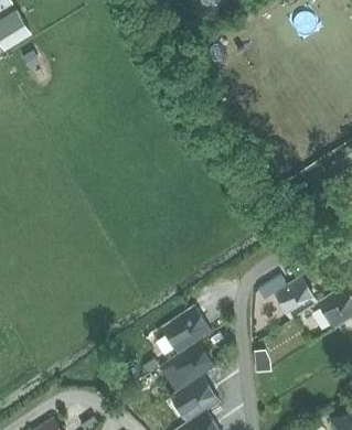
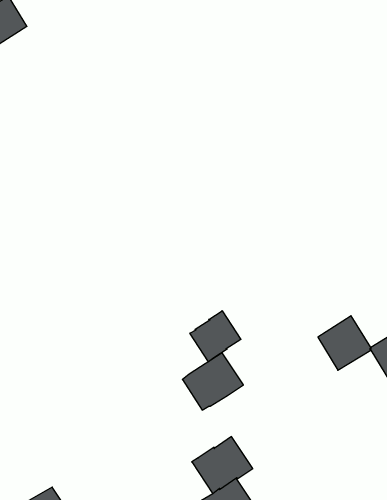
building: none -> [190,311,241,362]
building: [170,342,215,386] -> none

